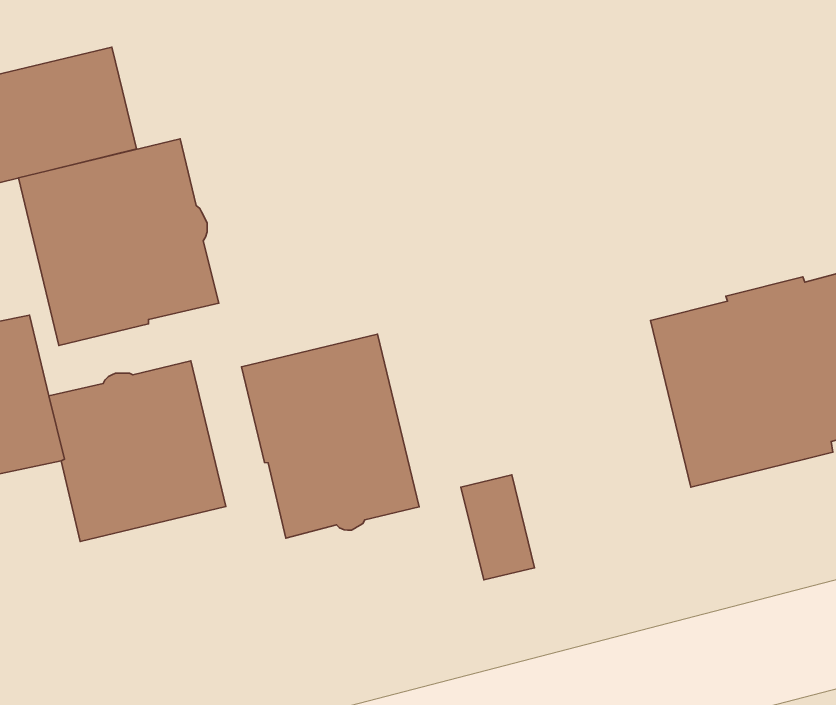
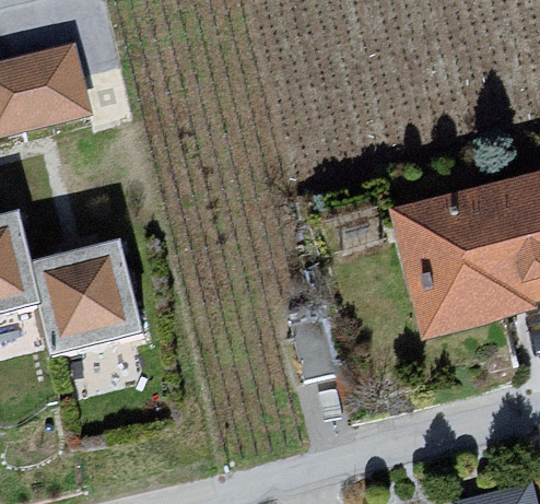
building: [18,139,219,346] -> none
building: [241,334,419,538] -> none

